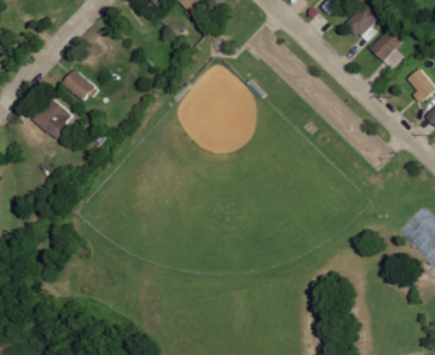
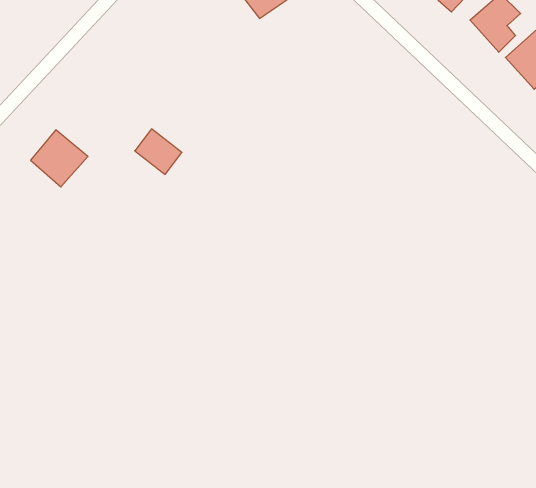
building: [62,70,95,102] -> [135,129,182,174]

